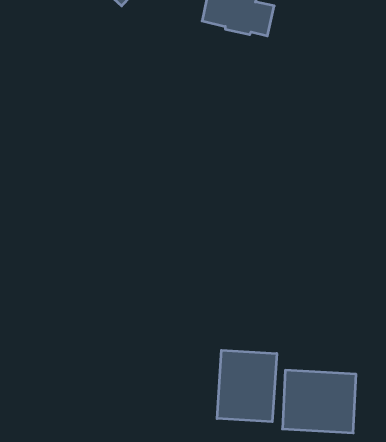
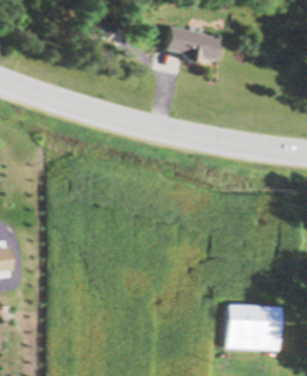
building: [217,350,277,422] -> none

